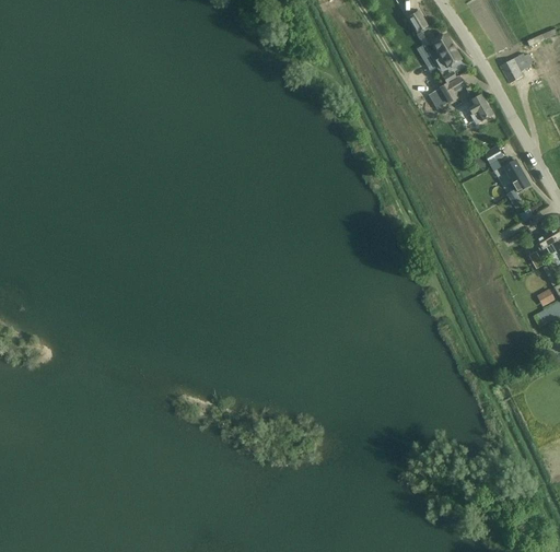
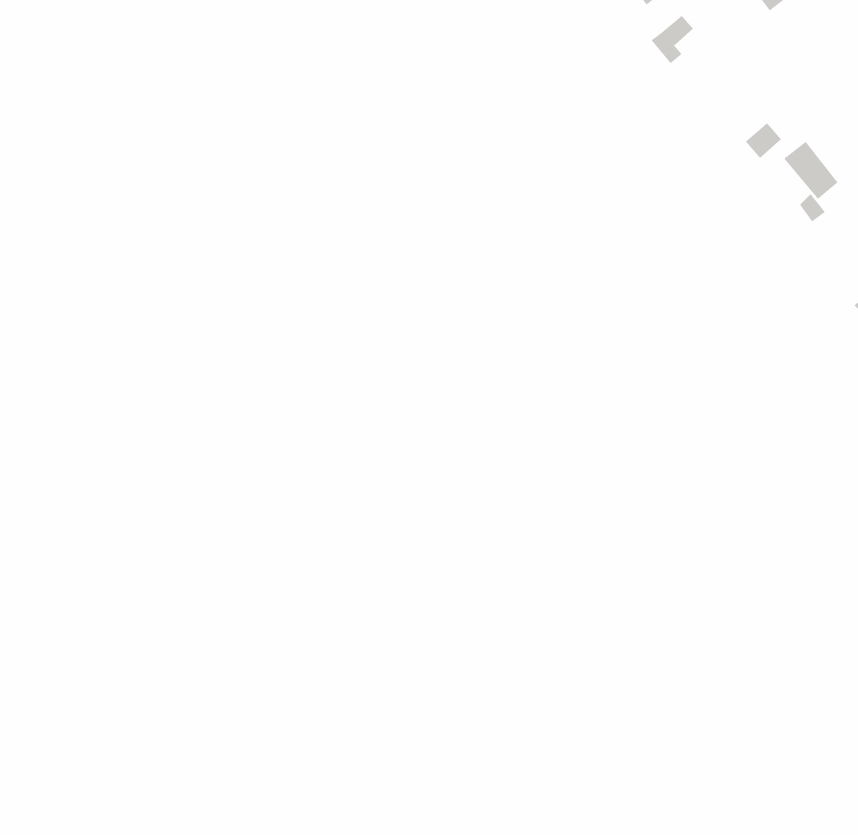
building: [466,94,492,125] -> none

